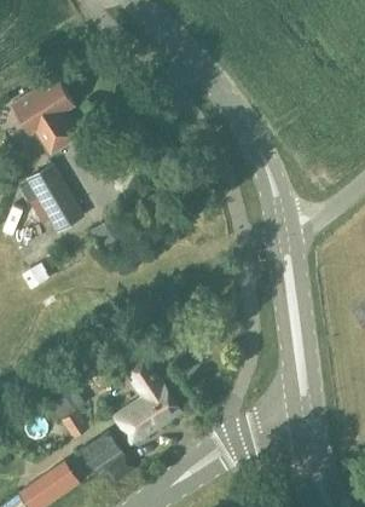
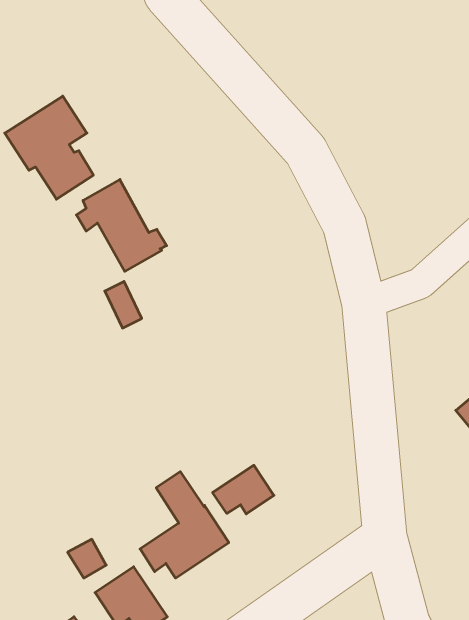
building: [21,163,88,232] -> [76,179,167,271]
building: none -> [213,465,274,514]

